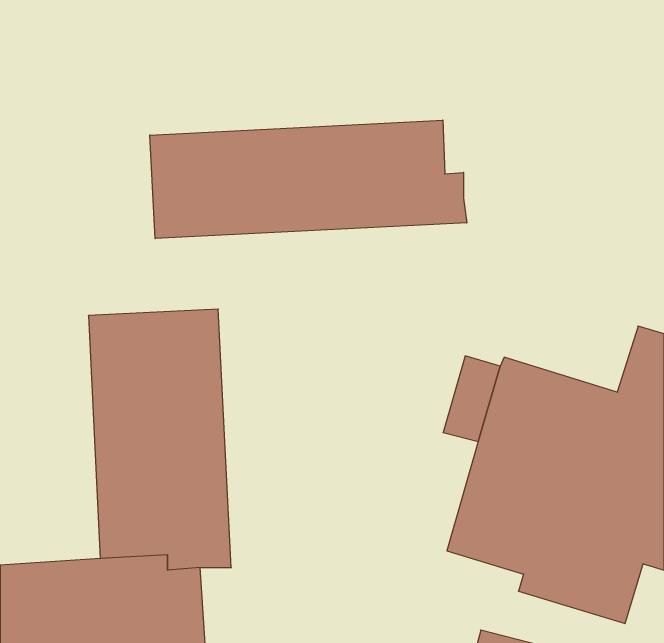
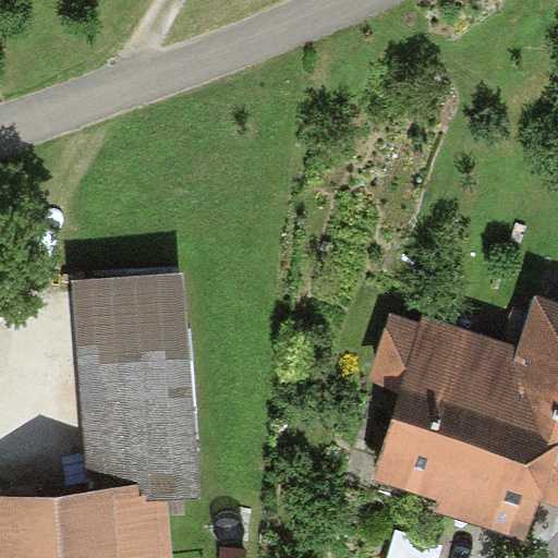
building: [150,120,467,239] -> none

